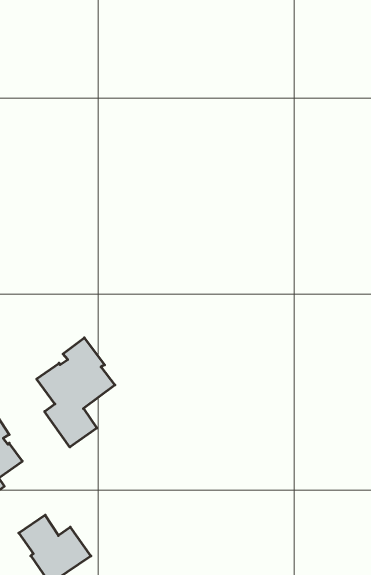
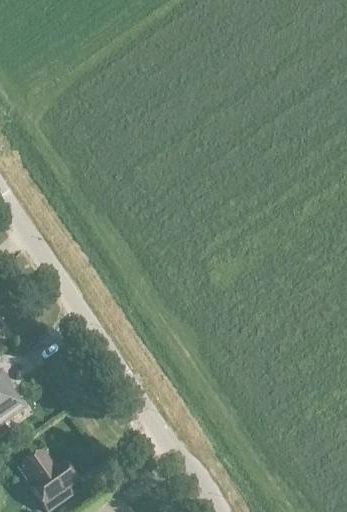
building: [37,338,115,447] -> none

